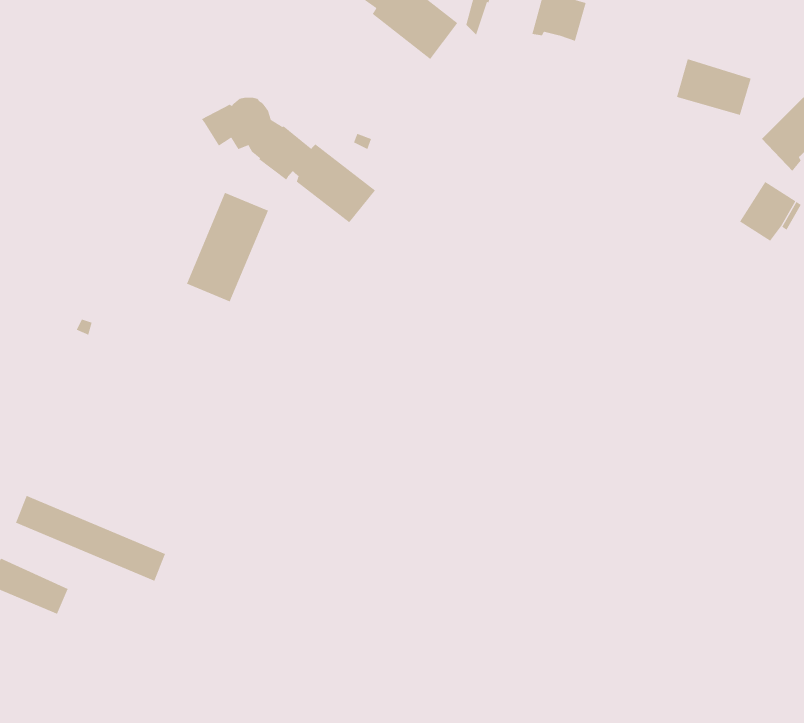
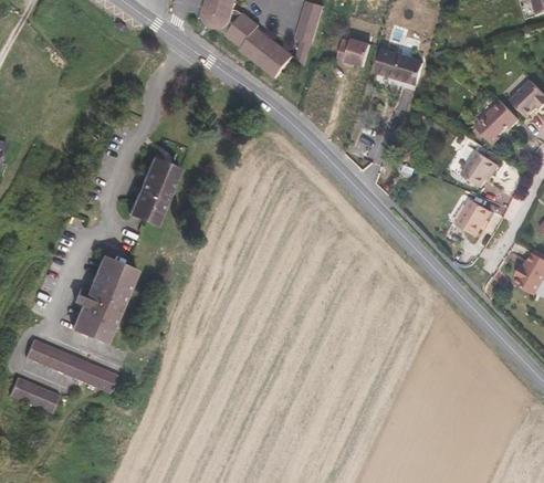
building: [676,58,751,115] -> [377,49,422,83]
building: [201,97,376,223] -> none
building: none -> [454,199,491,237]
building: none -> [71,256,135,342]

